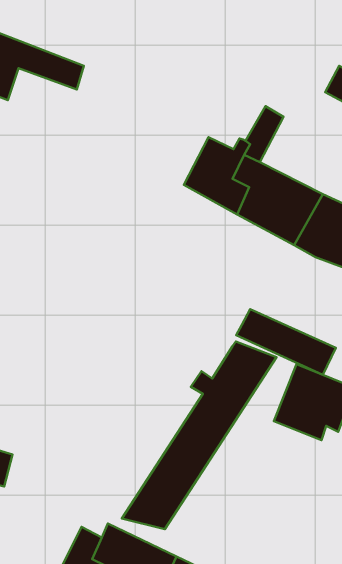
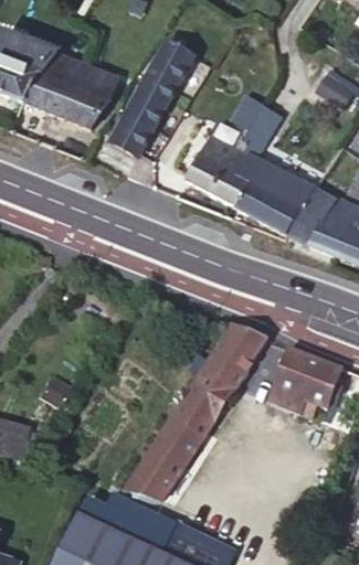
building: none -> [109,38,192,153]
building: none -> [21,67,117,126]
building: [236,309,336,375] -> none

